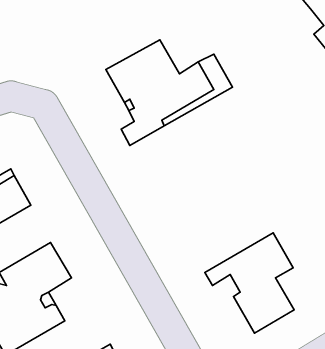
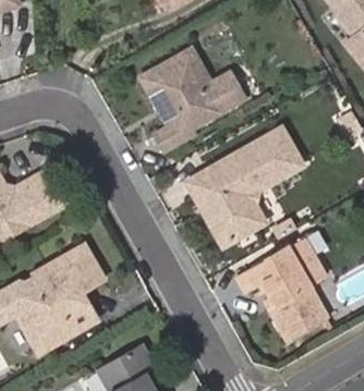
building: none -> [184,124,301,243]

